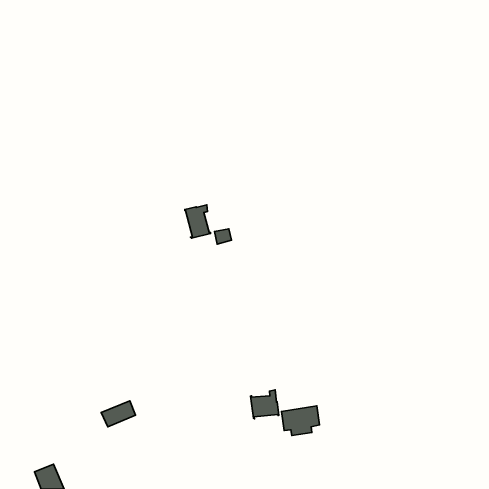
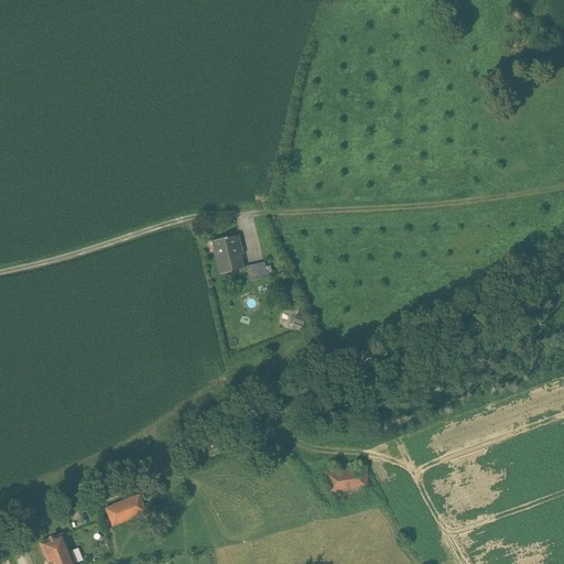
building: [251,390,279,419] -> none
building: [101,401,135,427] -> [105,496,144,525]

